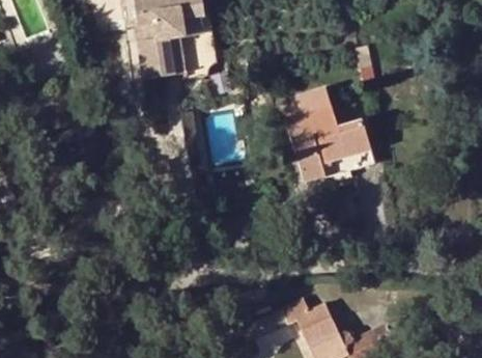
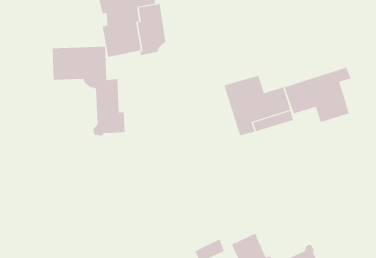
building: none -> [52,46,125,136]
building: none -> [284,67,351,123]

